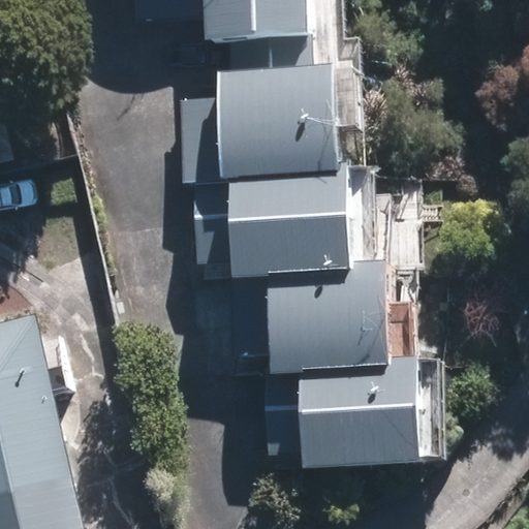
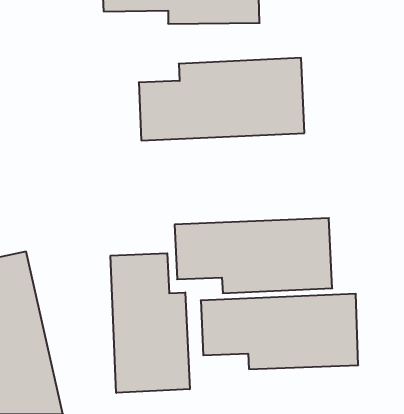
building: [182,178,381,273] -> none
building: none -> [111,253,190,393]

